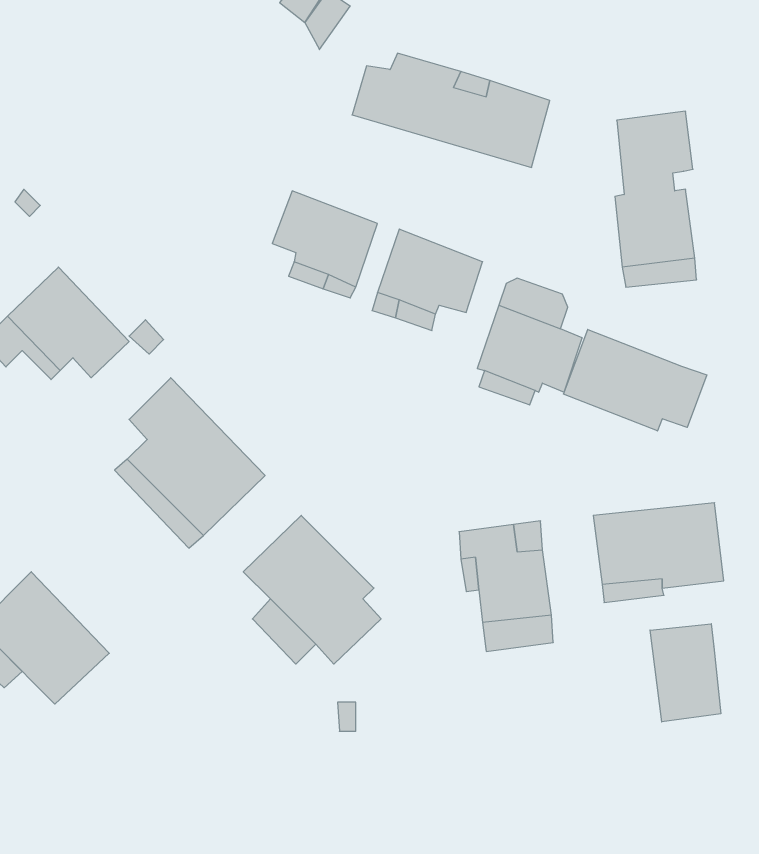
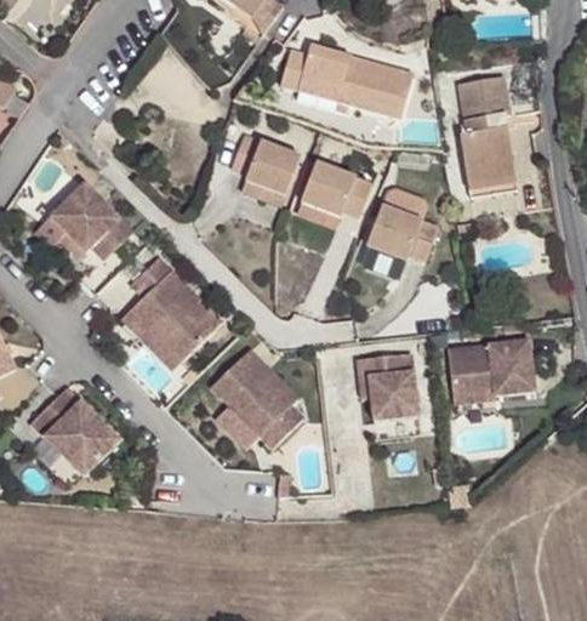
building: [563,329,707,431] -> none
building: [650,624,721,722] -> none

